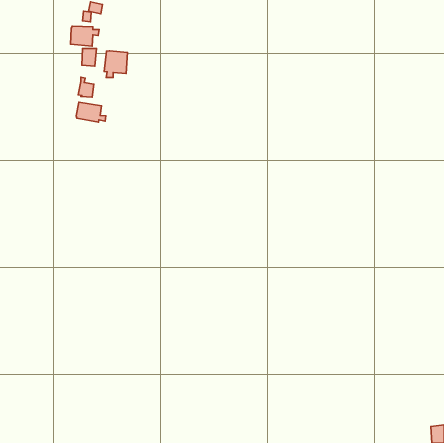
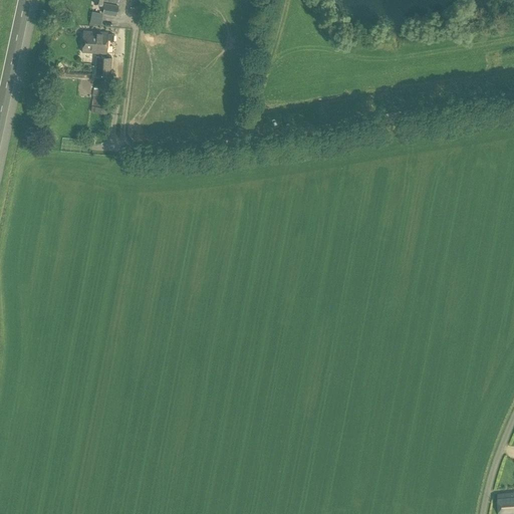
building: [104,51,128,78] -> none
building: [76,102,106,122] -> none

